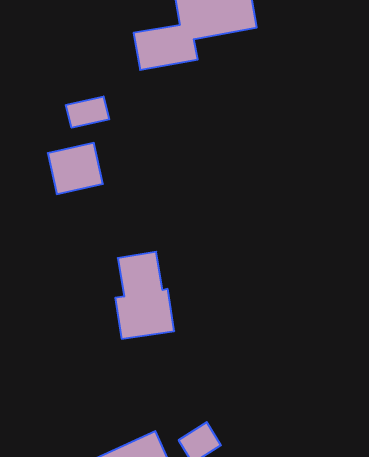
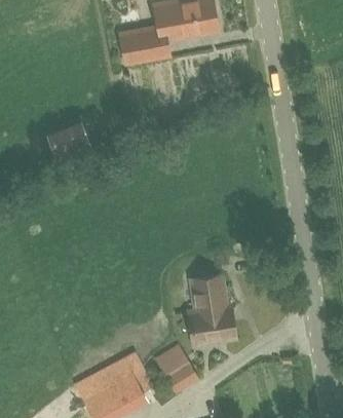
building: [66,96,109,128] -> none
building: [115,252,174,339] -> [188,275,235,345]

